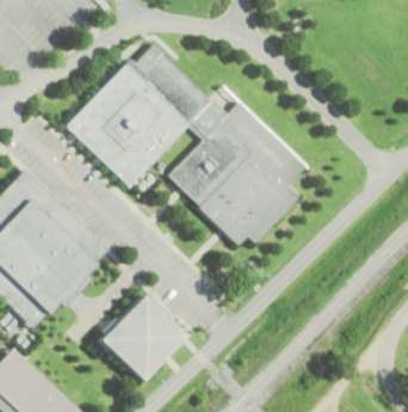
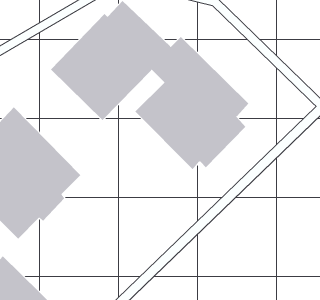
building: [97,294,180,379] -> none

